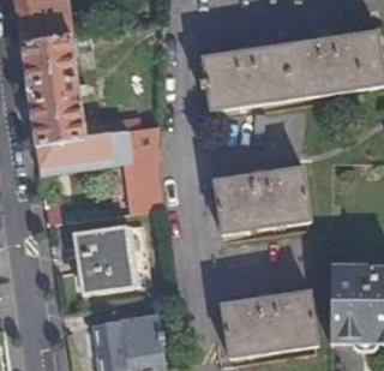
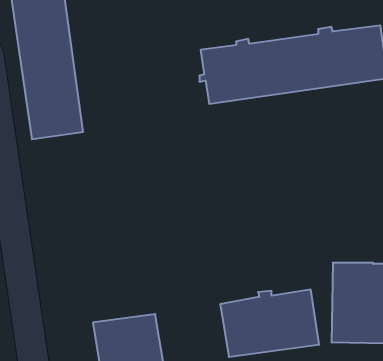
building: [35,126,162,211] -> none
building: [212,167,310,233] -> none
building: [73,225,150,293] -> none

